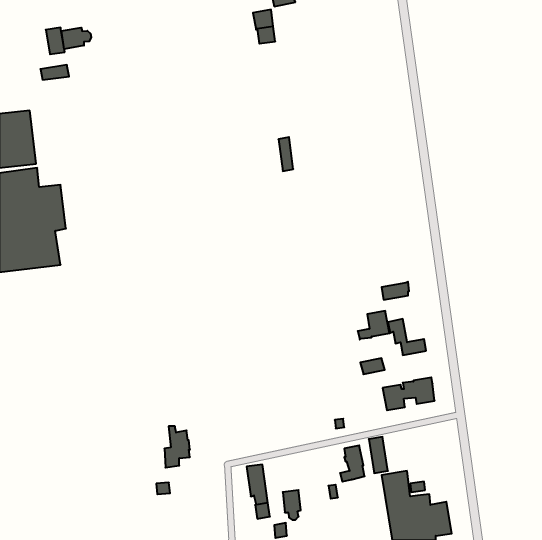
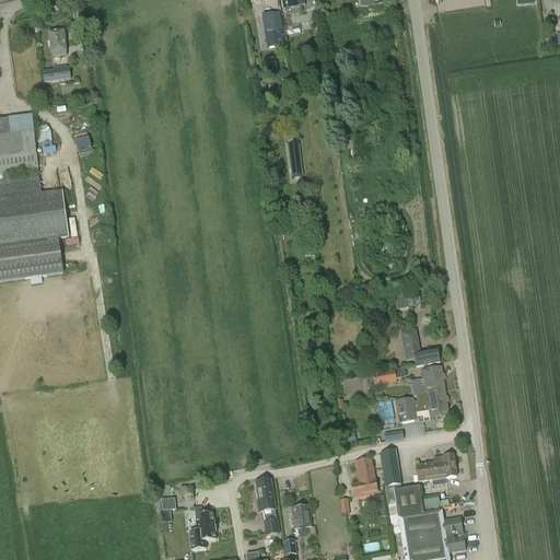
building: [62,28,91,49] -> none
building: [358,311,390,340] -> [411,365,444,395]
building: [164,426,190,468] -> [189,506,215,549]
building: none -> [416,454,456,480]

